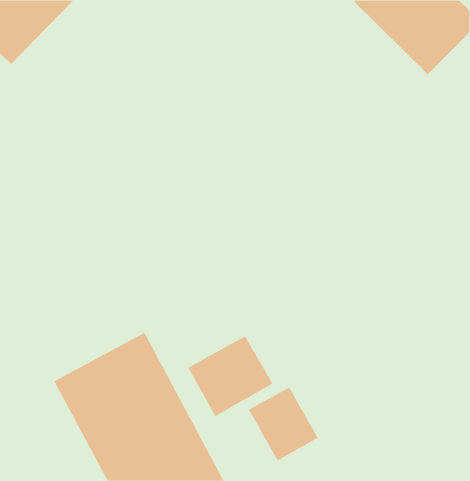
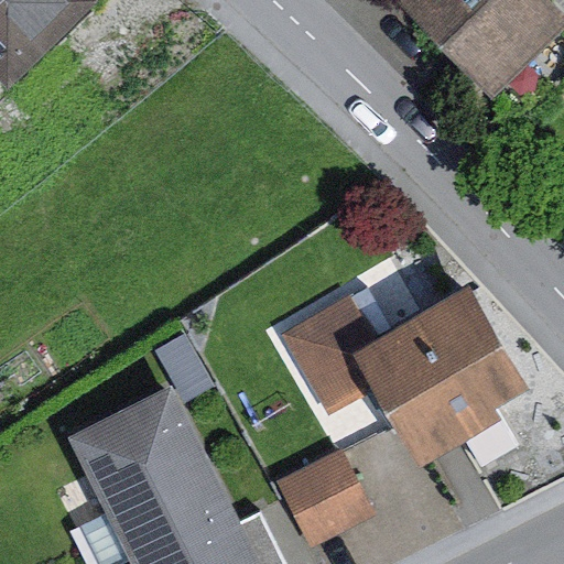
building: none -> [278,291,528,454]
building: [188,336,273,417] -> none

